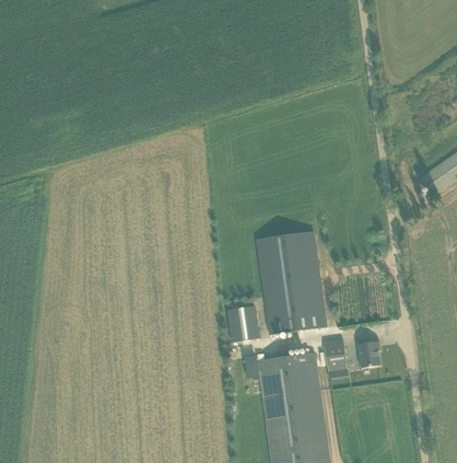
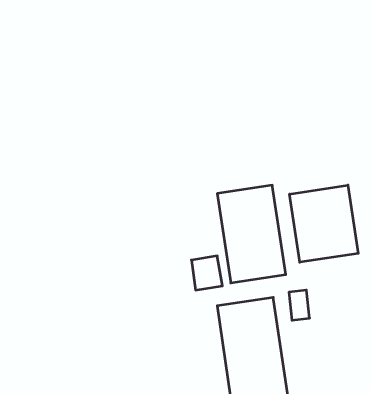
building: none -> [290,185,358,262]
building: [358,342,380,367] -> none

